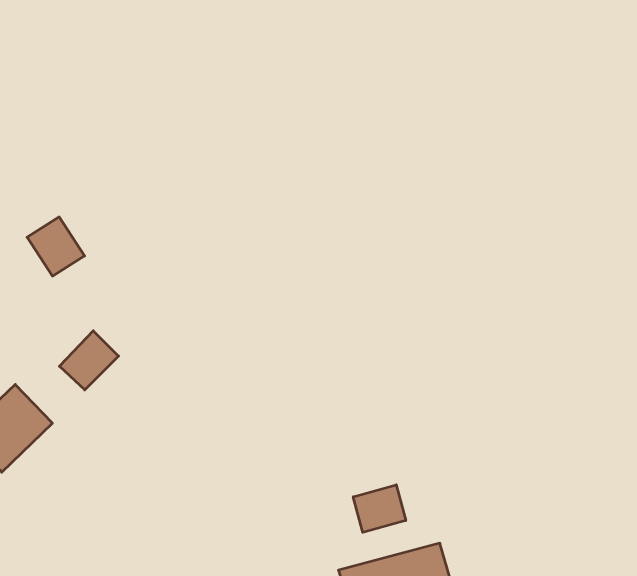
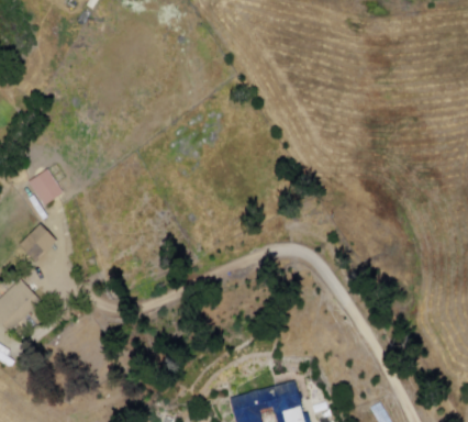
building: [59,331,119,390] -> [18,225,56,264]
building: [353,485,406,532] -> none

